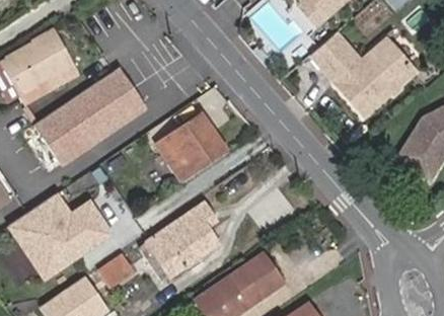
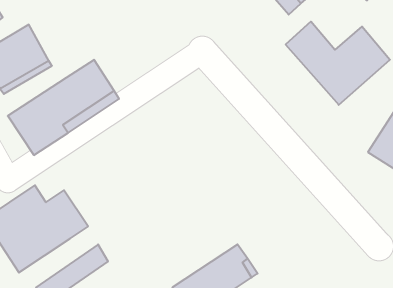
building: [158,113,227,179] -> none
building: [138,202,219,281] -> none

